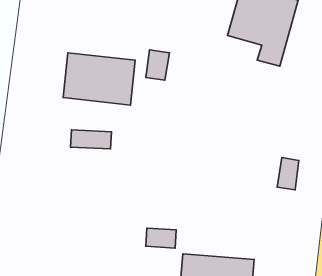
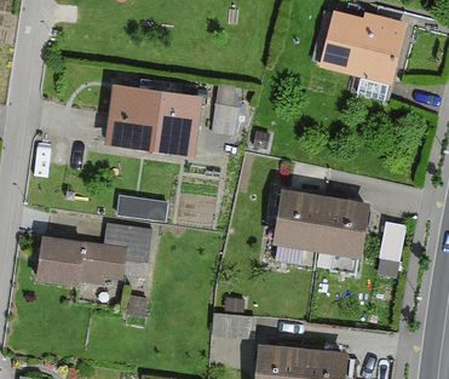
building: none -> [274,186,367,264]
building: none -> [36,222,152,289]

